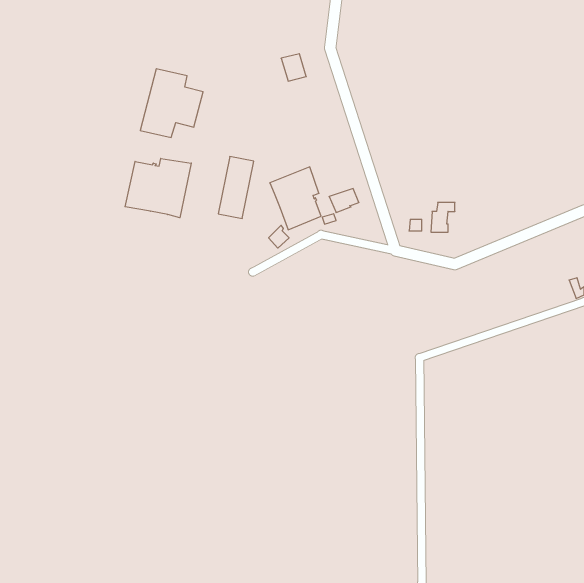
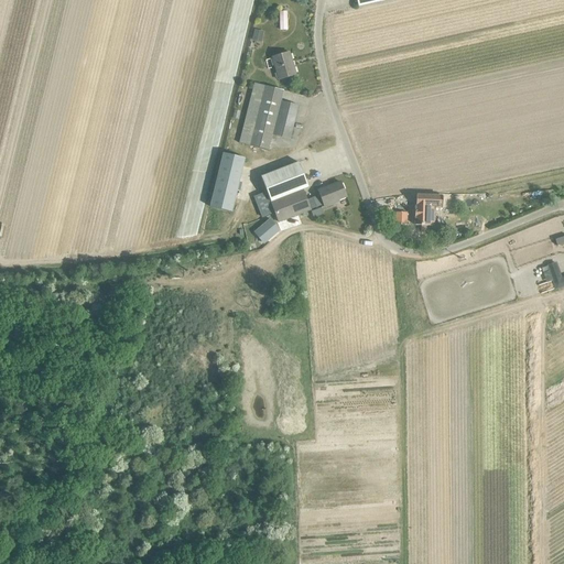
building: [140,69,203,137] -> [238,83,299,149]
building: [125,158,191,218] -> none

